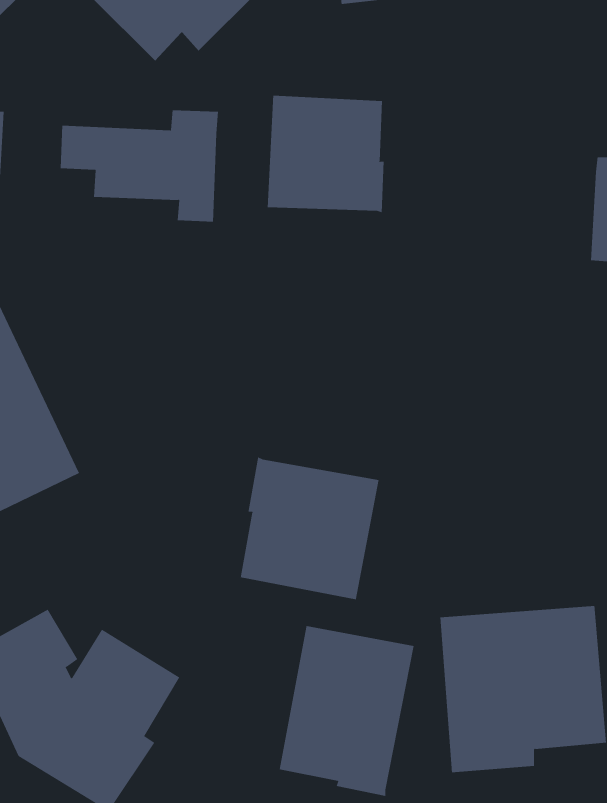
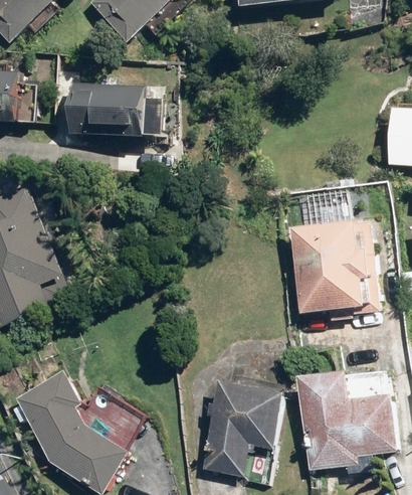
building: [267,95,384,213] -> none
building: none -> [290,222,375,321]
building: [240,456,379,600] -> none

